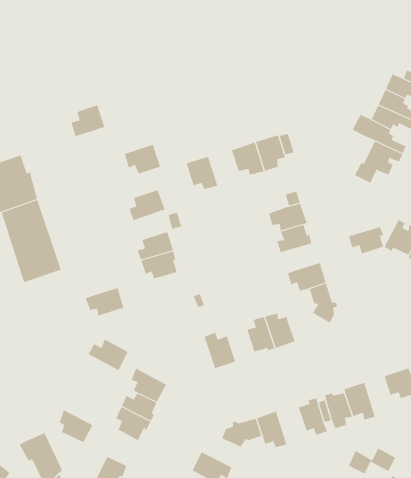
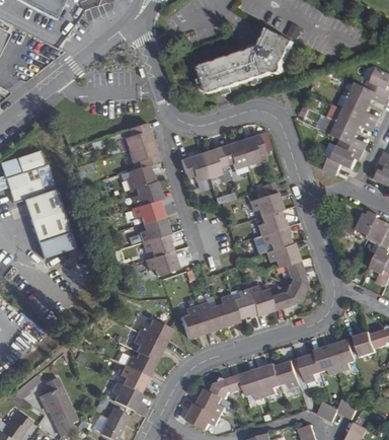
building: none -> [194,28,294,93]
building: [70,105,105,137] -> [124,123,153,150]
building: none -> [200,147,225,177]
building: none -> [128,164,157,190]
building: none -> [132,199,165,223]
building: [348,227,384,254] -> [260,226,291,249]
building: [85,288,124,316] -> [145,250,178,275]
building: none -> [268,285,303,309]
building: none -> [216,294,239,326]
building: none -> [180,305,205,338]
building: [88,339,128,371] -> [138,318,172,346]
building: none -> [332,339,356,373]
building: none -> [257,363,283,396]
building: [59,410,93,443] -> [112,381,142,410]
building: none -> [193,388,225,416]

